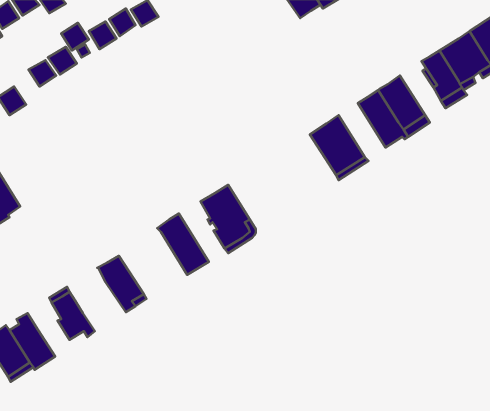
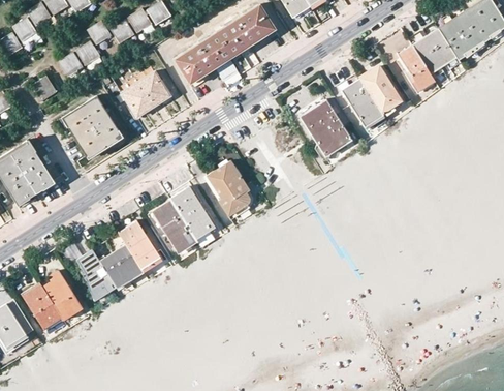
building: none -> [175,5,275,84]
building: none -> [124,72,169,115]
building: none -> [64,96,121,155]
building: none -> [154,201,196,250]
building: none -> [100,244,144,287]

